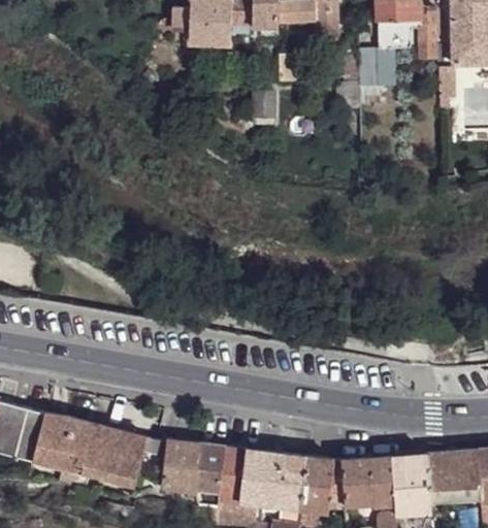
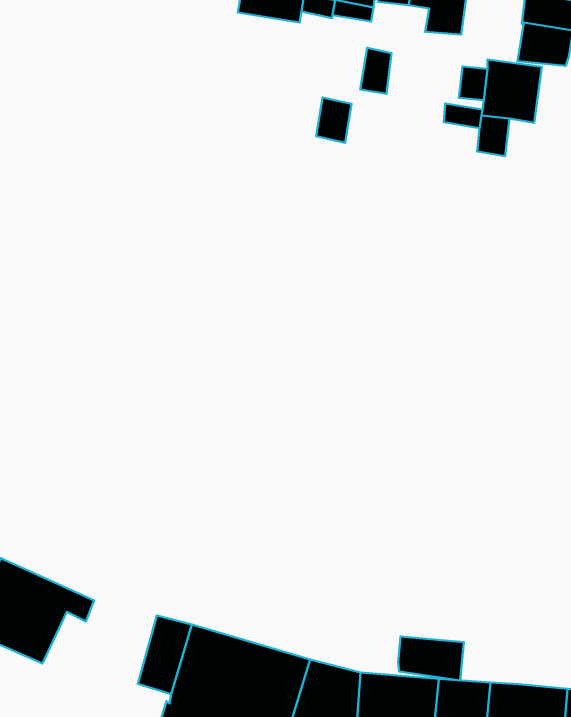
building: none -> [398,636,464,680]
building: [162,440,203,495] -> none

